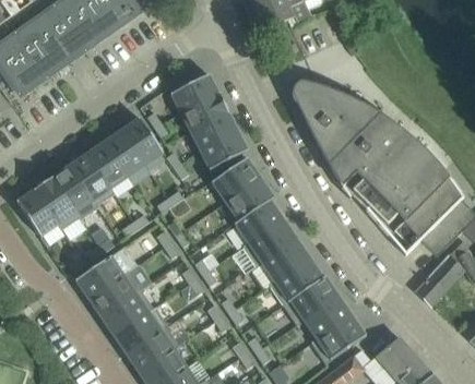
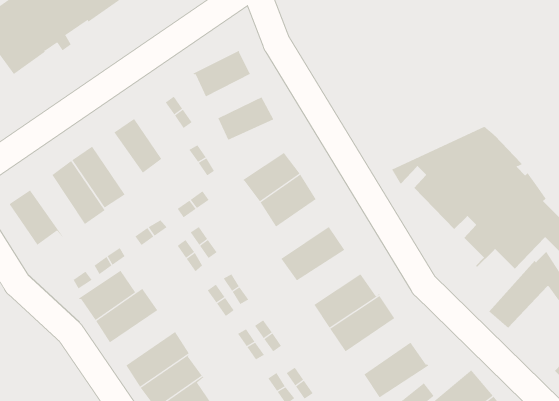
building: [292,81,412,172] -> none
building: [180,93,228,130] -> none
building: [121,117,163,164] -> none
building: [199,131,248,169] -> none
building: [86,142,128,193] -> none
building: [34,176,80,228] -> none
building: [234,196,283,247] -> none
building: [256,239,309,285] -> none
building: [100,289,155,335] -> none
building: [296,296,351,343] -> none

